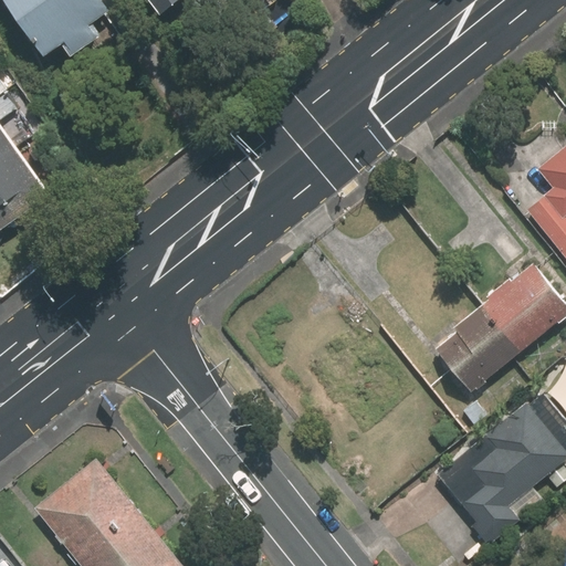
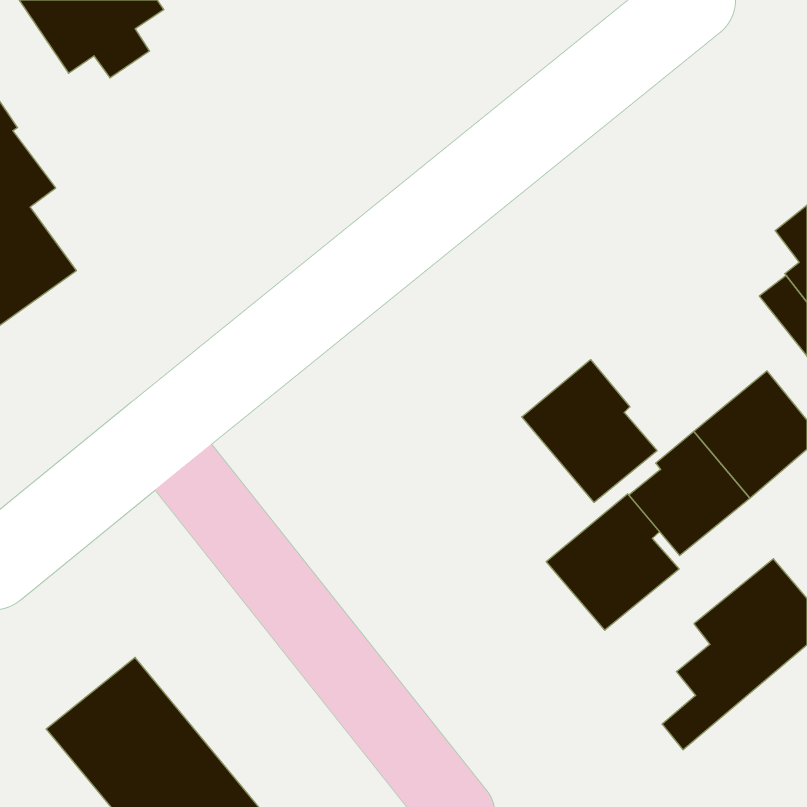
building: none -> [522,360,657,502]
building: none -> [546,494,679,630]

